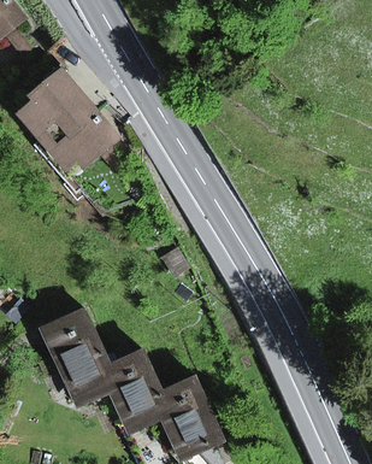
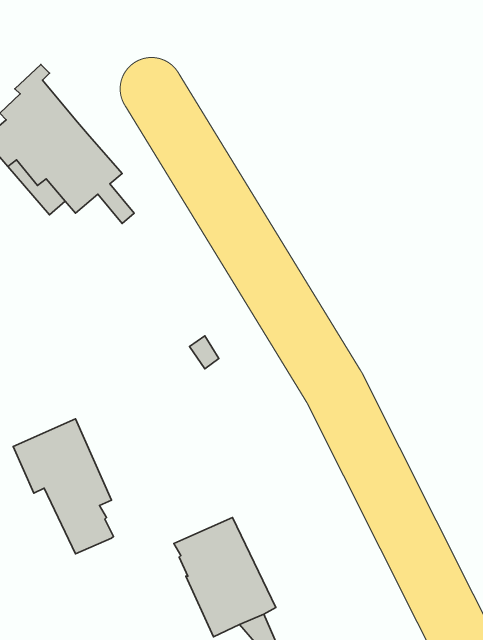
building: [100,351,161,433] -> none

